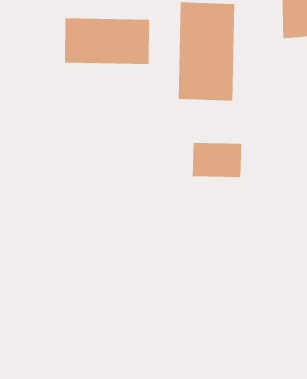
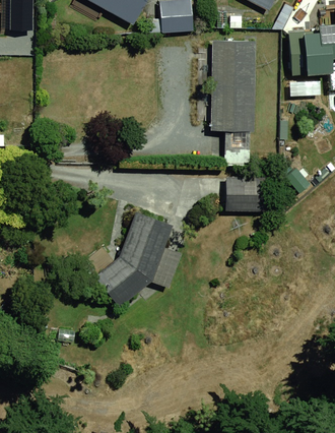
building: [65,18,149,65] -> none
building: none -> [93,214,172,304]

